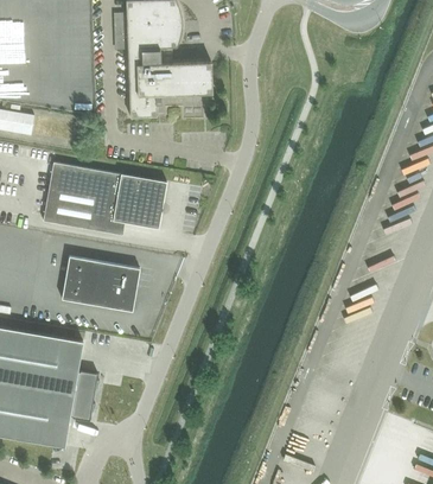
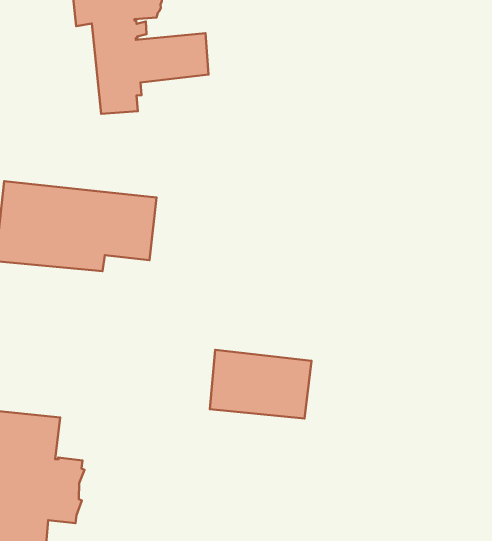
building: [62,256,140,312] -> [210,350,312,419]

